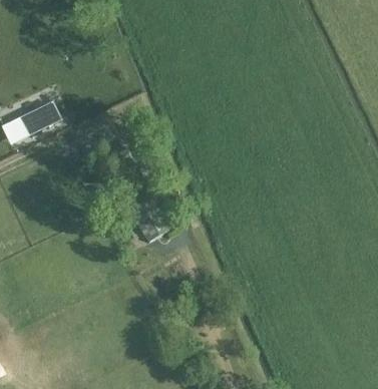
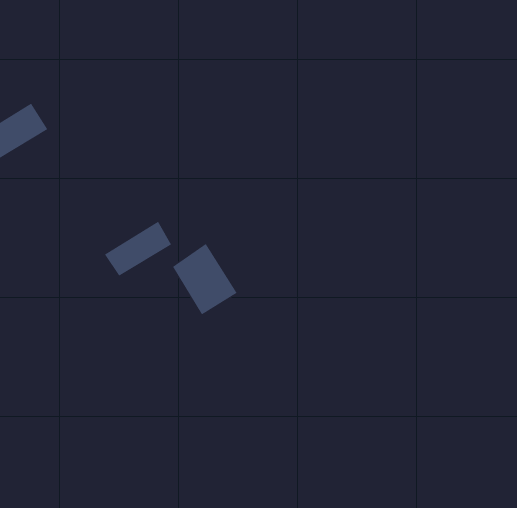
building: none -> [104,221,172,277]

